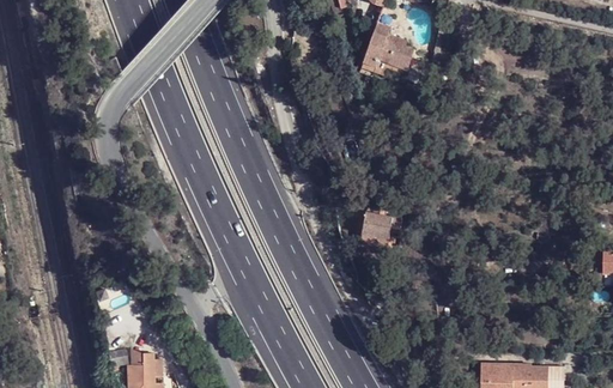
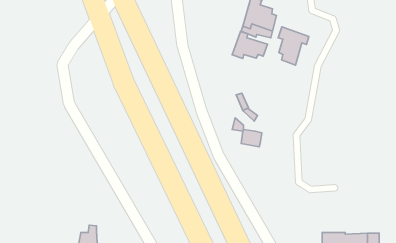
building: none -> [278,27,309,65]
building: none -> [232,32,268,58]

